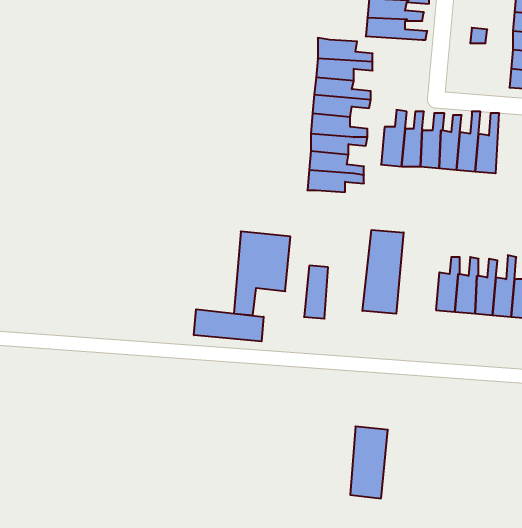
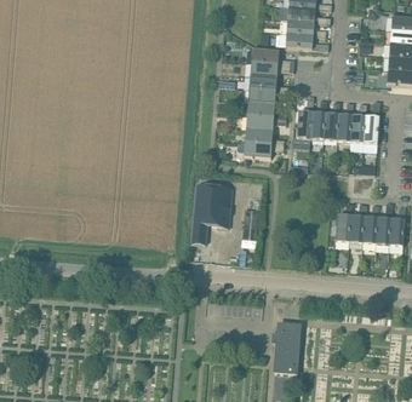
building: [362,230,404,314] -> none
building: [194,309,264,341] -> none

